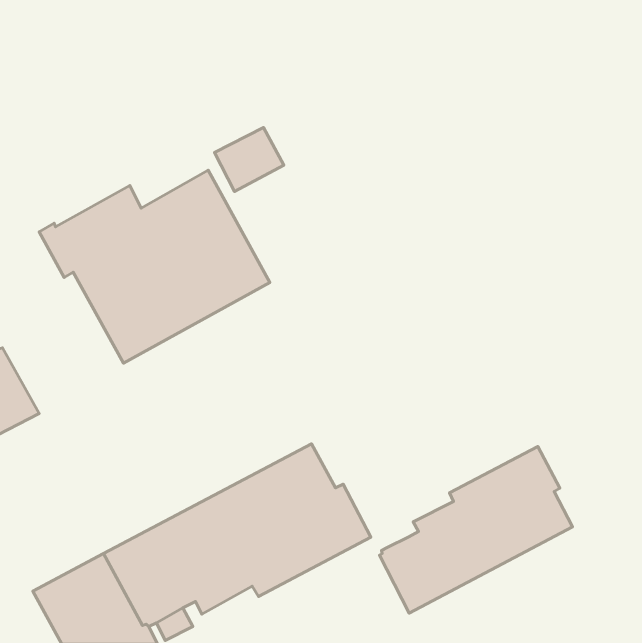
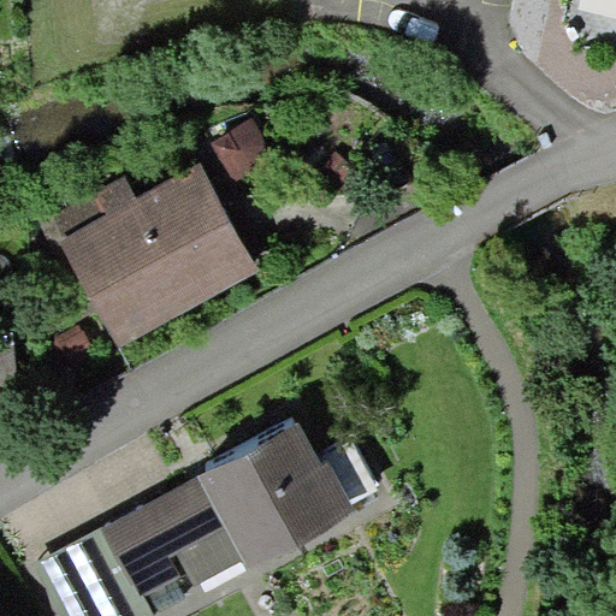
building: [380,446,572,613] -> none

